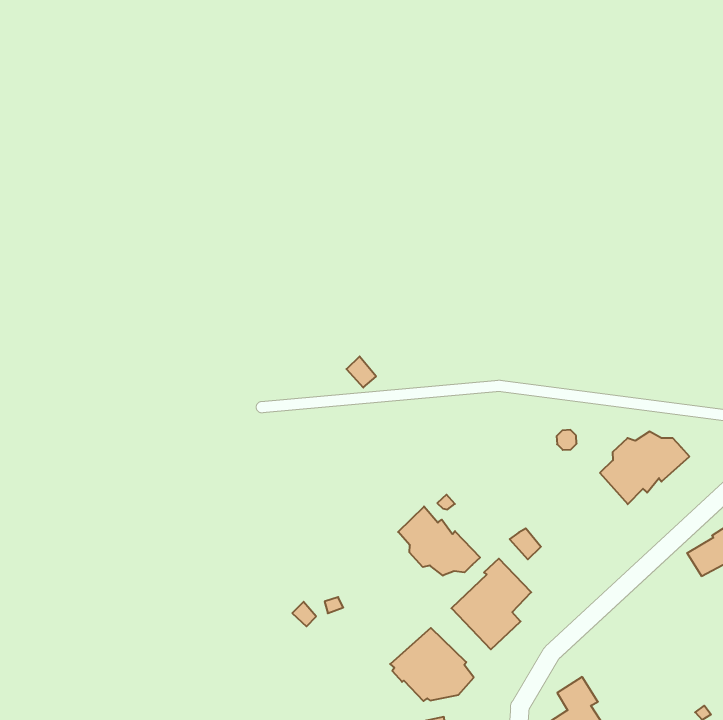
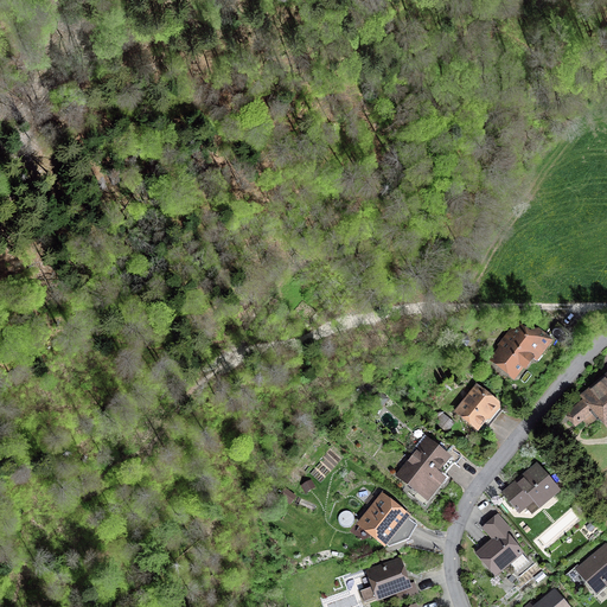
building: none -> [453,383,503,432]
building: [398,506,480,576] -> none
building: none -> [500,460,563,515]

